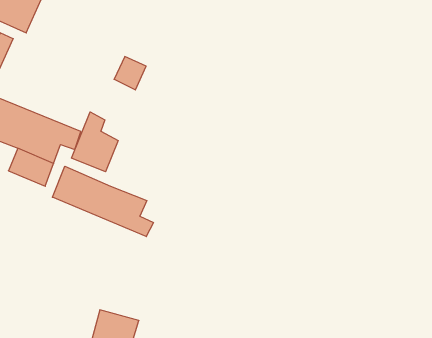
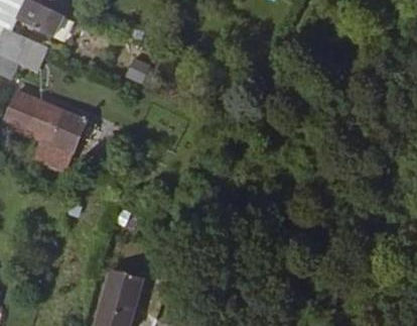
building: [71,112,118,172] -> none
building: [52,166,153,237] -> none

